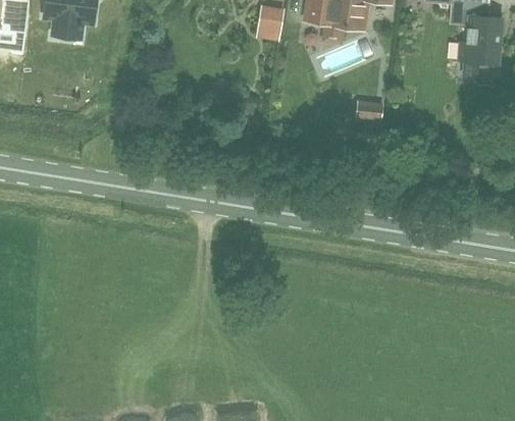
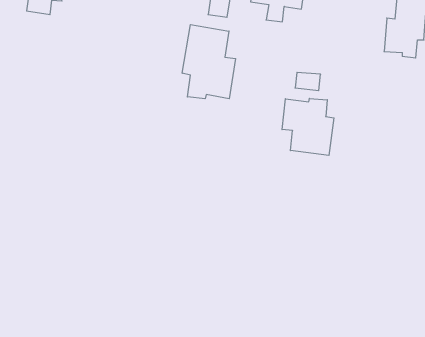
building: none -> [182,25,236,99]
building: none -> [282,98,334,155]

